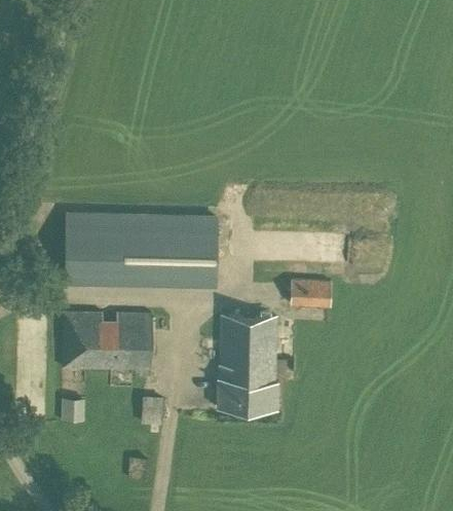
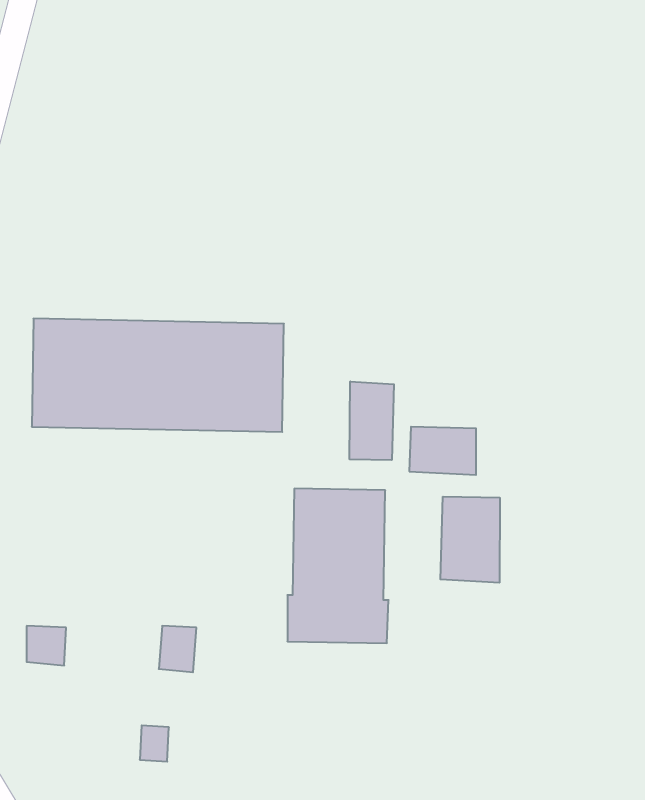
building: none -> [350,381,394,460]
building: [64,313,152,370] -> none
building: none -> [440,497,500,583]

